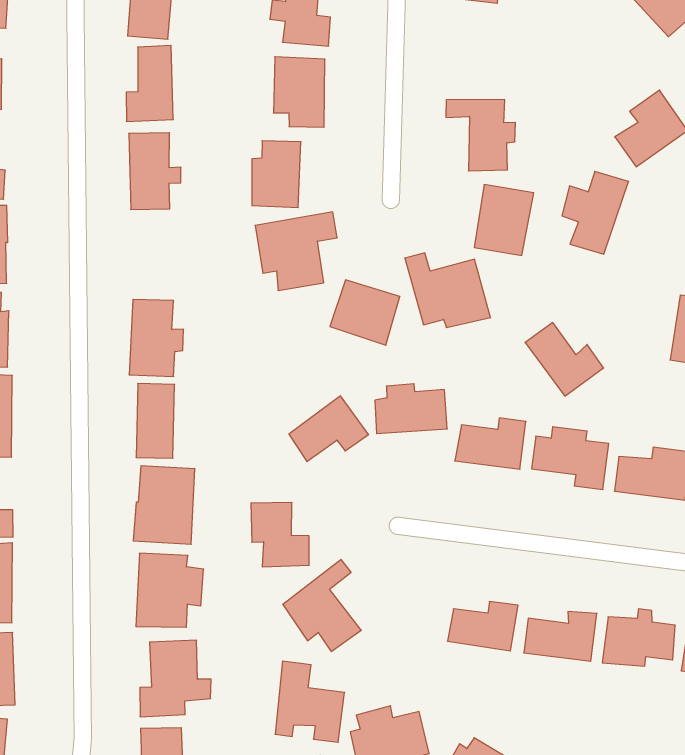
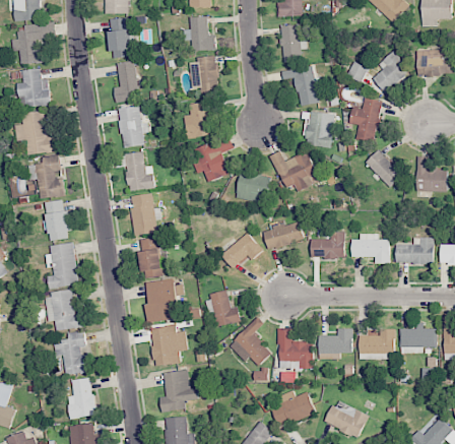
building: none -> [281,25,306,62]
building: none -> [126,152,154,190]
building: [525,323,604,396] -> [365,149,407,187]
building: [275,661,345,742] -> [278,329,313,368]

